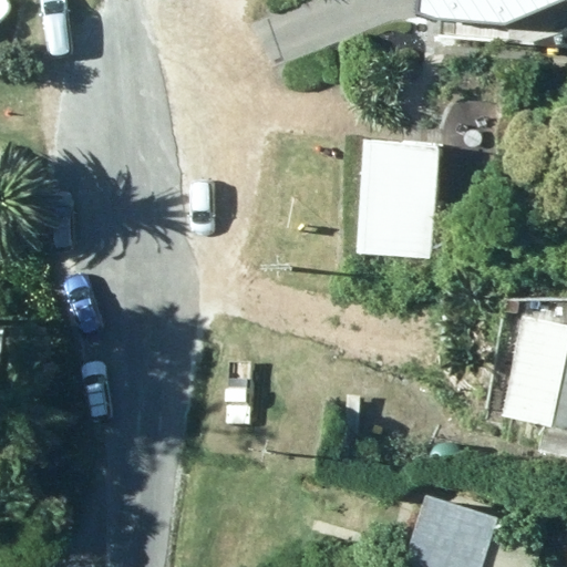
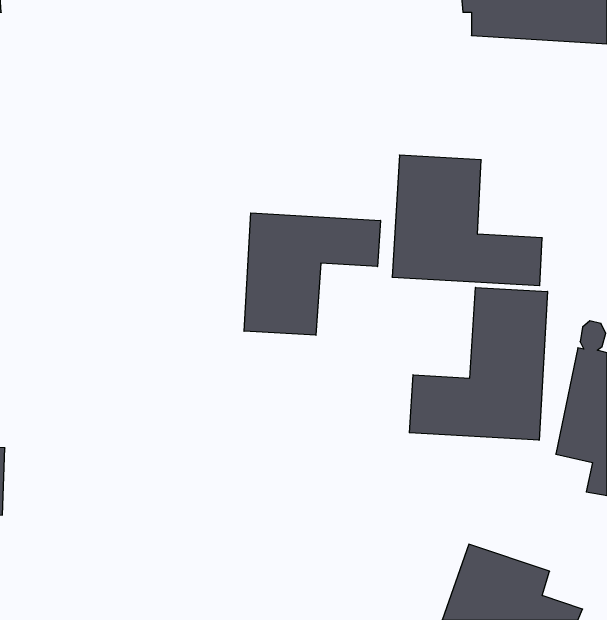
building: none -> [244,213,380,335]
building: none -> [409,287,547,440]

